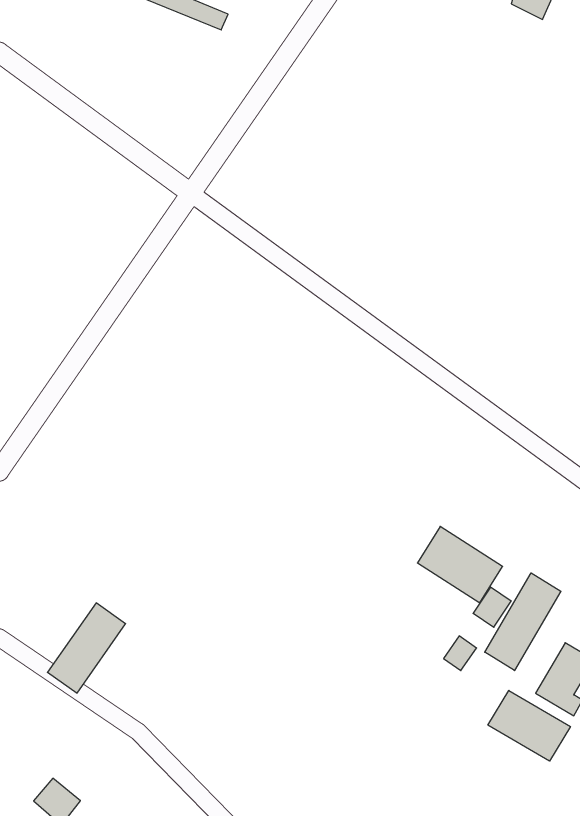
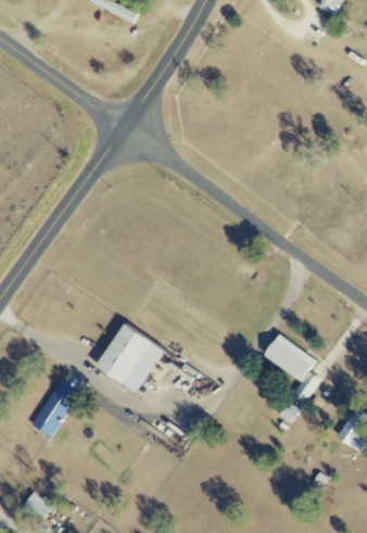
building: none -> [94,322,164,393]
building: [485,573,561,671] -> none
building: [488,690,570,761] -> none

